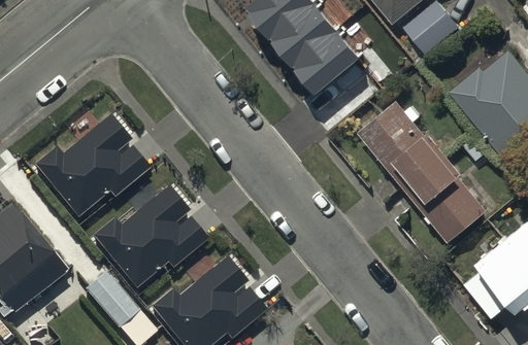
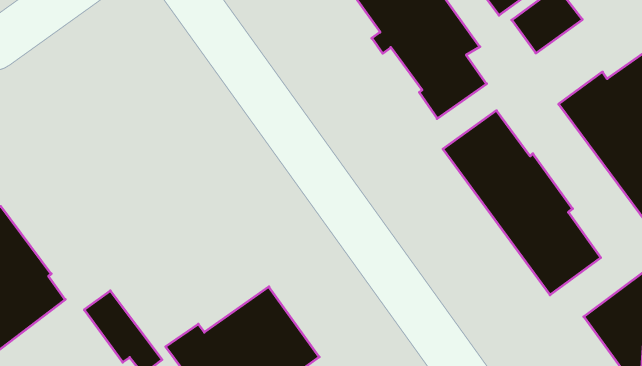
building: [31,114,153,220] -> none
building: [91,182,212,288] -> none

